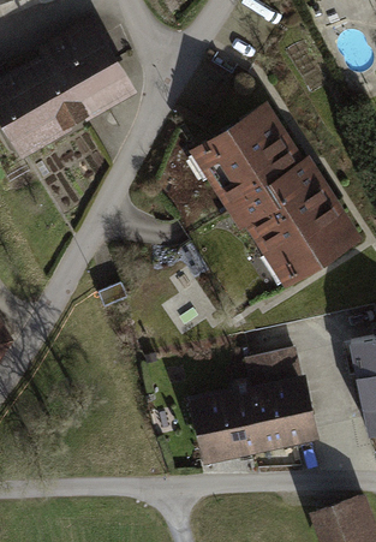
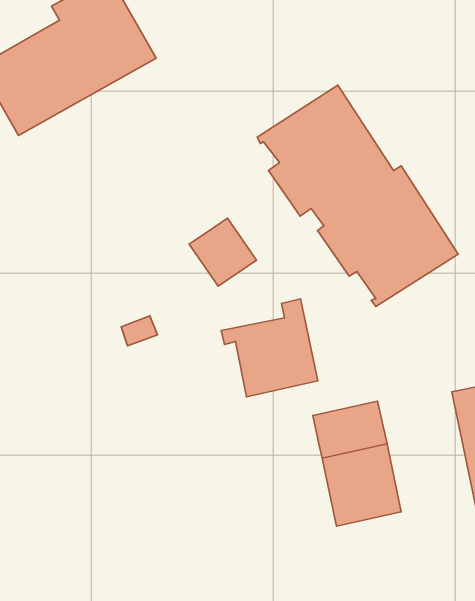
building: none -> [189,218,256,286]
building: [189,382,262,457] -> [221,299,318,397]

